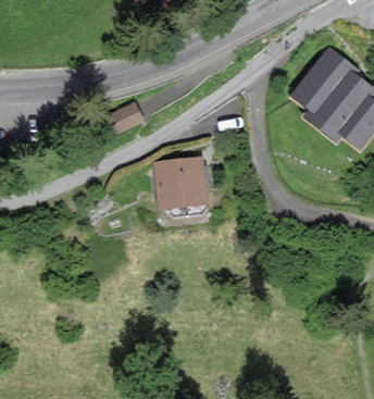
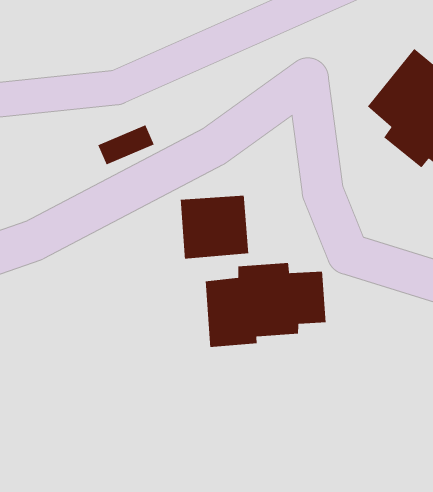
building: none -> [205,262,327,348]

